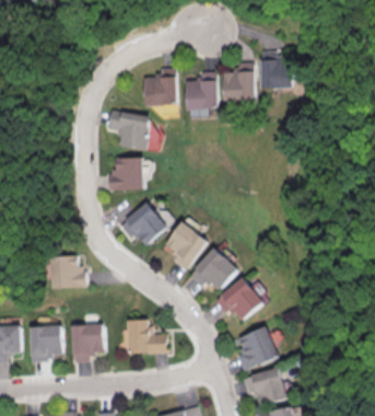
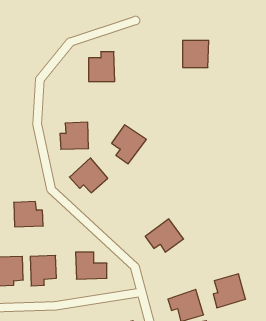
building: [222,62,256,103] -> none
building: [185,71,218,109] -> none
building: [106,109,150,150] -> none
building: [165,221,209,270] -> [112,125,146,164]
building: [189,247,238,290] -> none
building: [236,327,277,370] -> [213,274,246,308]

